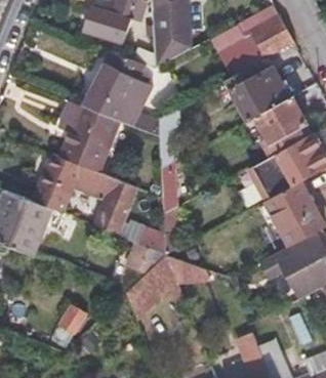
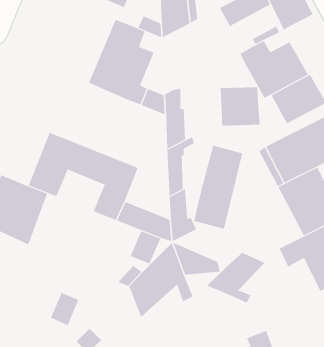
building: [59,99,123,172] -> none
building: none -> [220,87,260,127]
building: none -> [193,145,243,229]
building: none -> [206,252,265,304]

